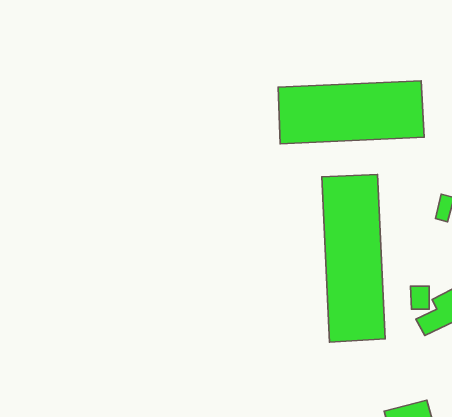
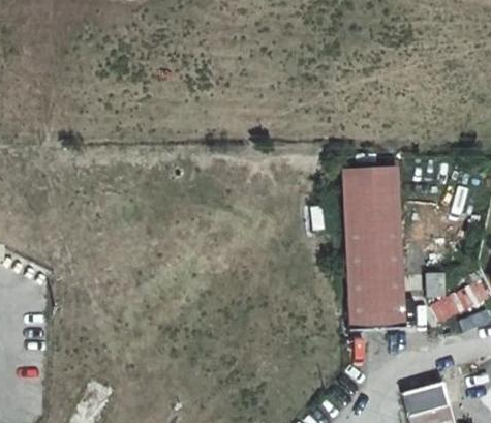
building: [278,81,424,144] -> none

